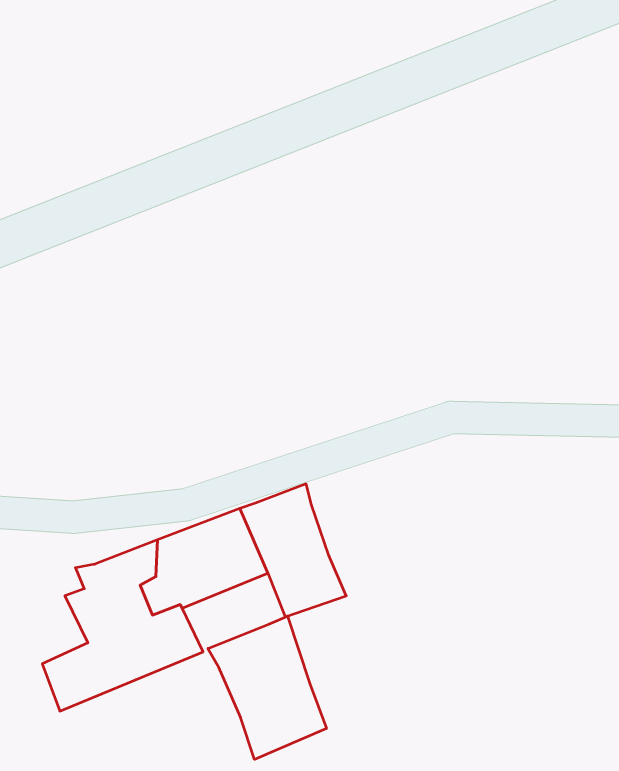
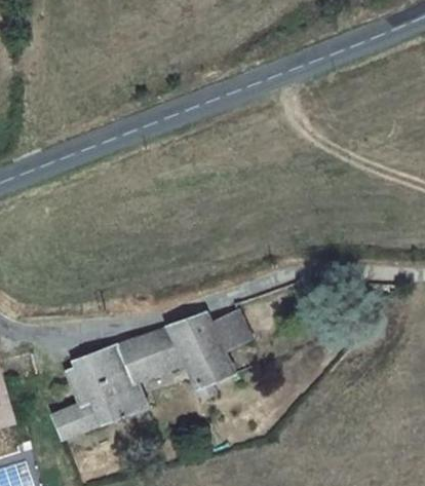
building: none -> [209,310,250,351]
building: [208,616,326,759] -> none

